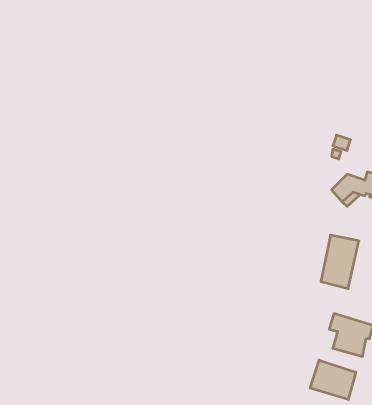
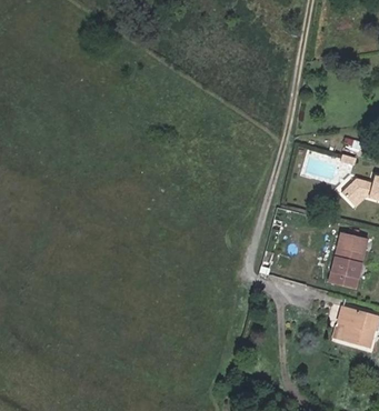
building: [310,360,356,400] -> none

